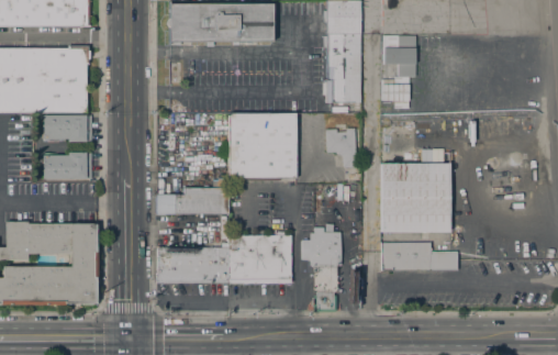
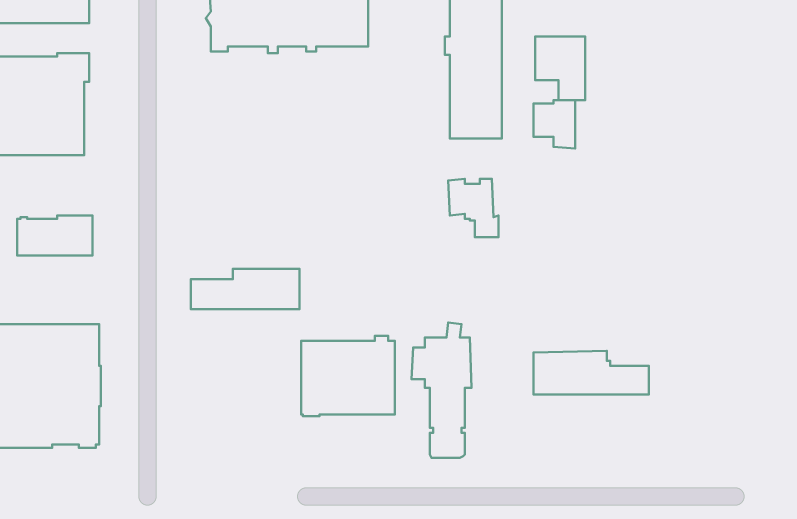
building: [230,114,297,181] -> none
building: [44,115,92,142] -> none
building: [382,164,450,237] -> none
building: [158,247,230,284] -> none

